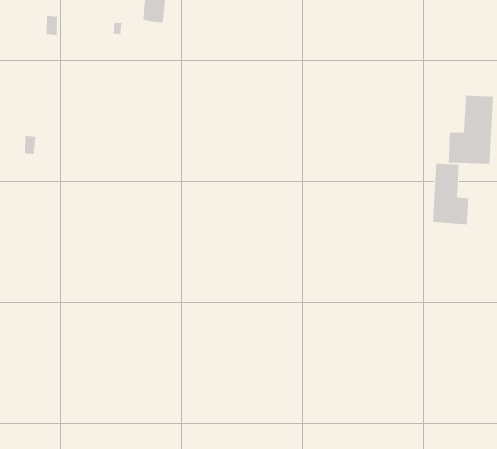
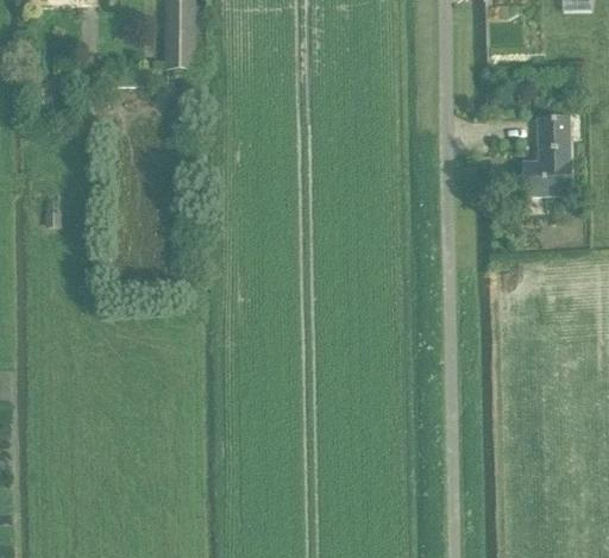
building: [433,163,469,225] -> none

